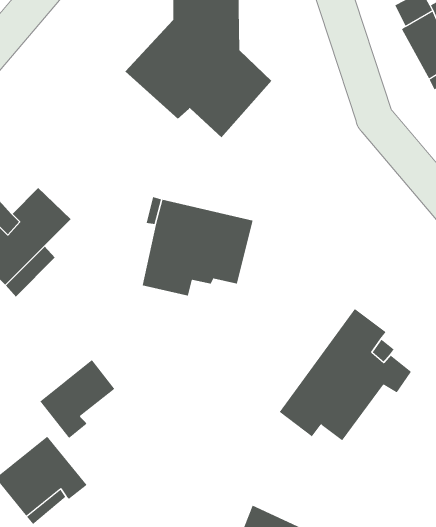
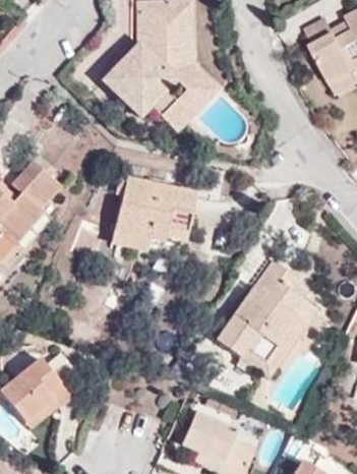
building: [40,359,115,439] -> none
building: none -> [243,319,308,378]

